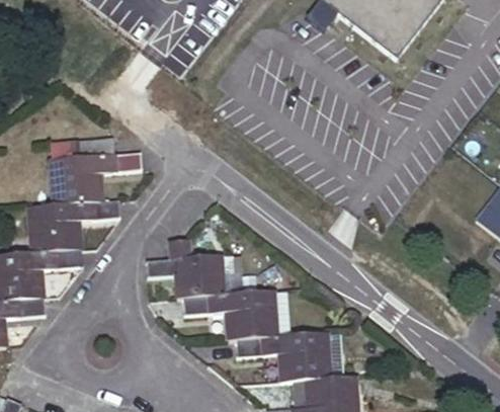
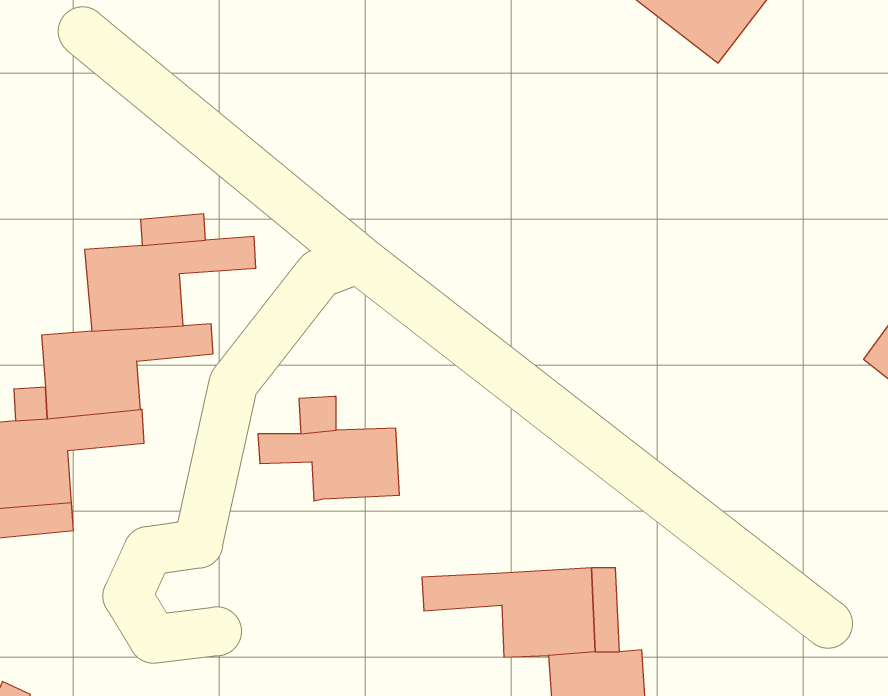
building: [182,292,276,339] -> none

